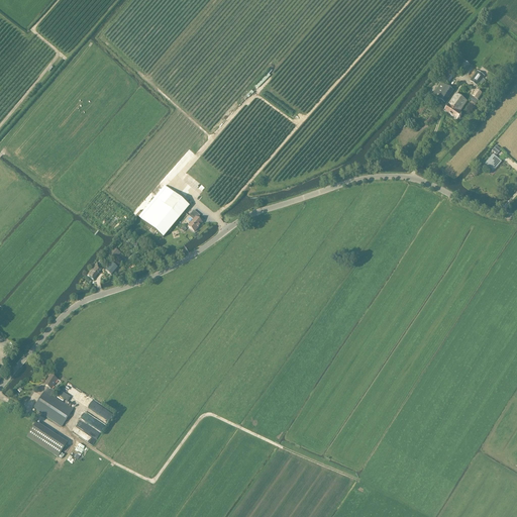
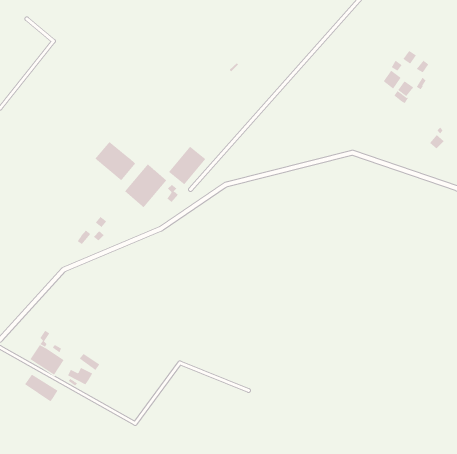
building: none -> [95,141,136,181]
building: none -> [168,146,206,185]

